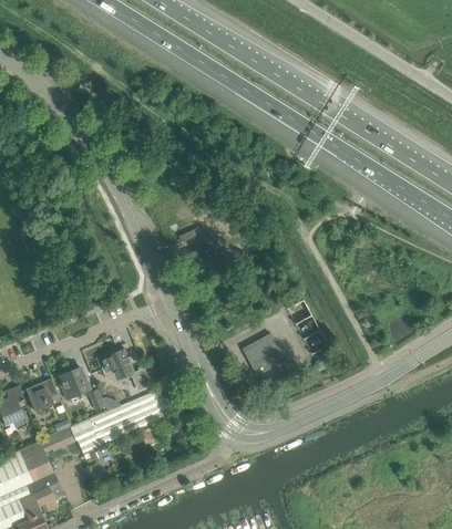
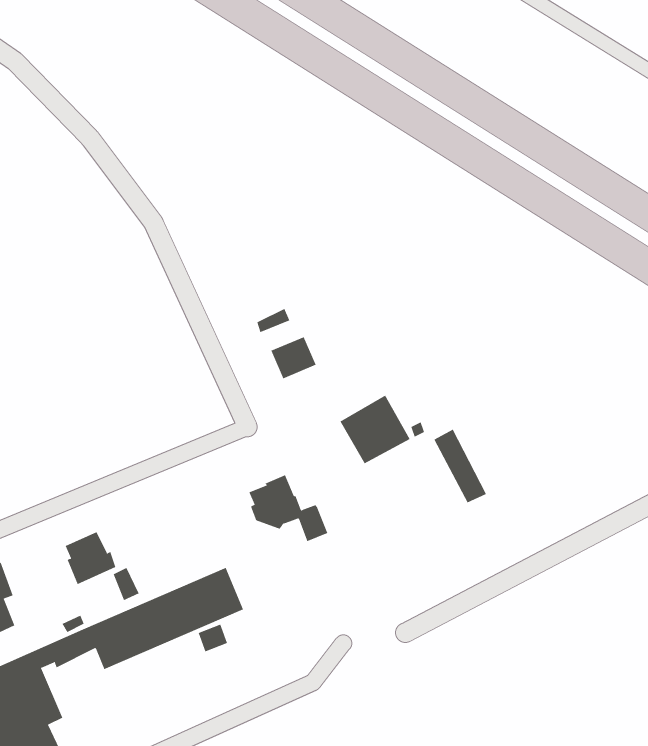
building: [242,332,286,375] -> [339,395,410,464]
building: [101,349,151,391] -> [248,475,328,542]
building: [27,378,61,411] -> none

